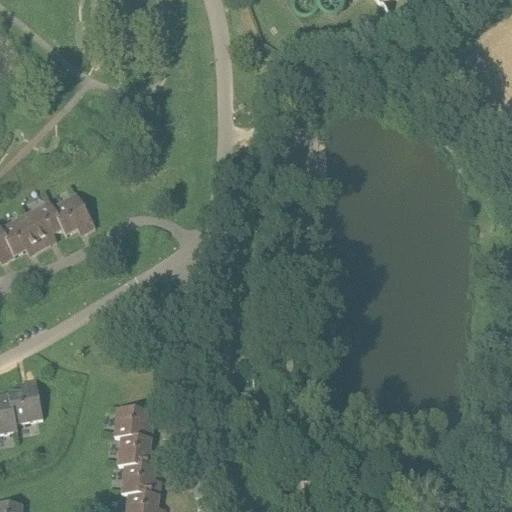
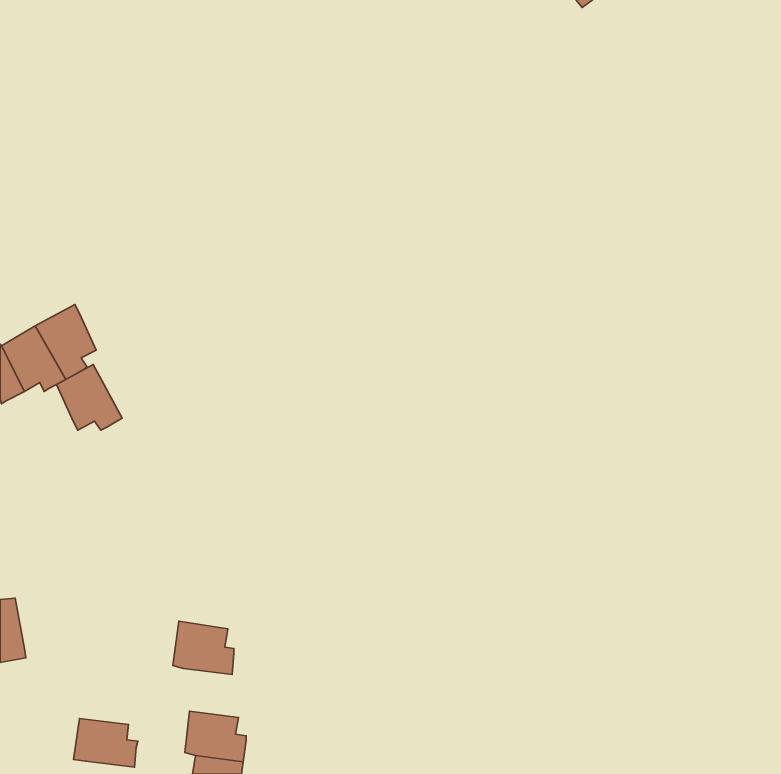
building: [52,192,95,235] -> [56,365,122,430]
building: [10,379,43,424] -> none
building: [116,437,158,469] -> [74,718,138,767]

